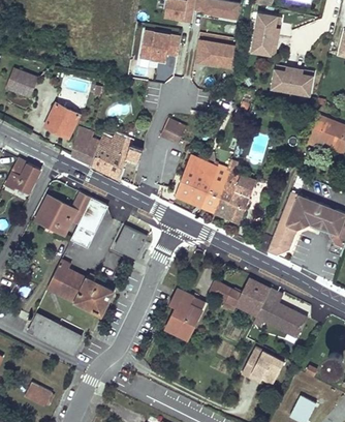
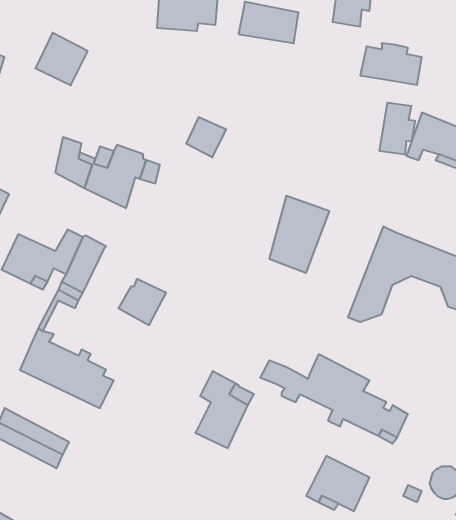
building: [44,102,80,138] -> [35,33,88,85]
building: none -> [380,103,415,155]
building: [175,155,226,213] -> none

